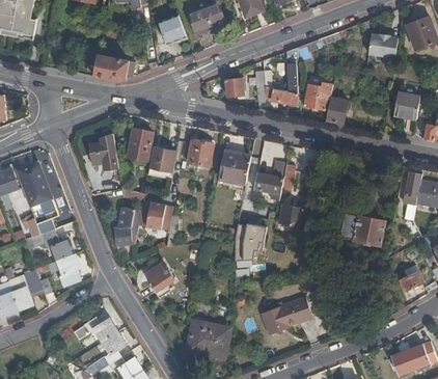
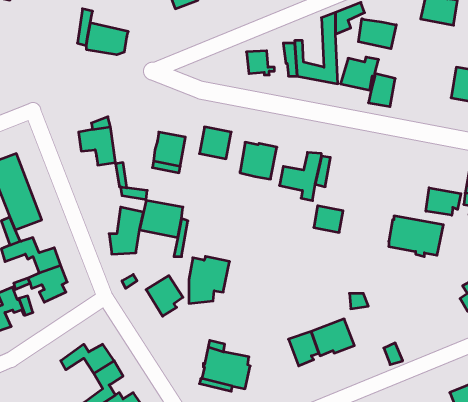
building: none -> [358,19,396,49]
building: [128,129,153,159] -> none
building: none -> [426,188,461,215]
building: [235,221,268,260] -> [189,256,230,303]

